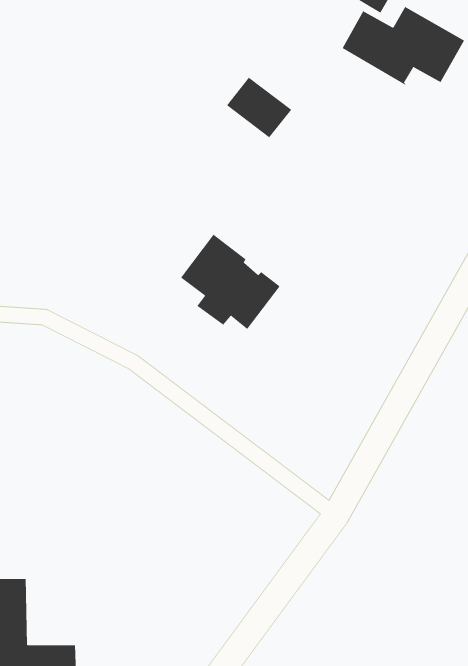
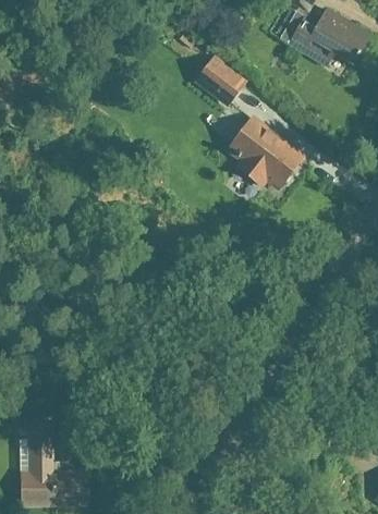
building: [180,234,281,330] -> [229,117,302,186]

